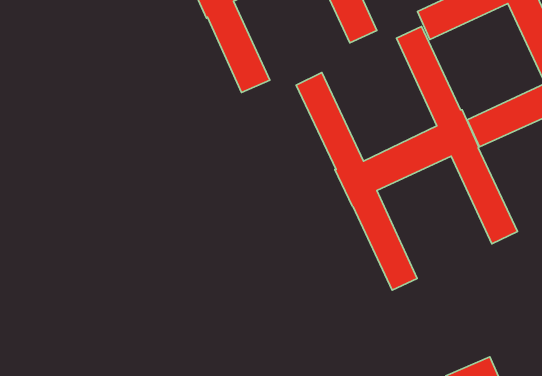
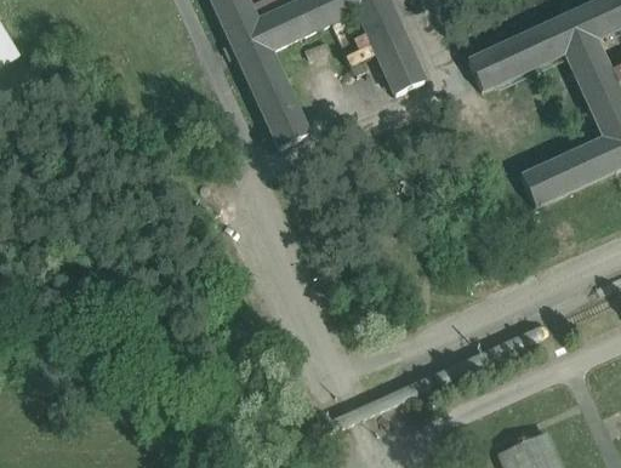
building: [296,26,517,290] -> none

